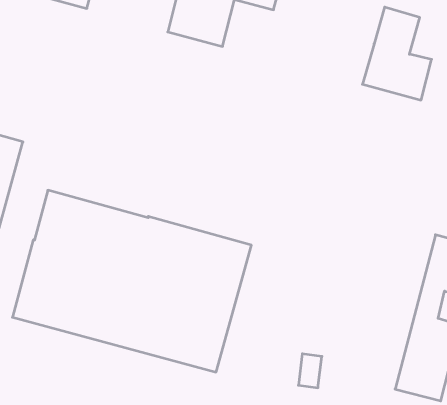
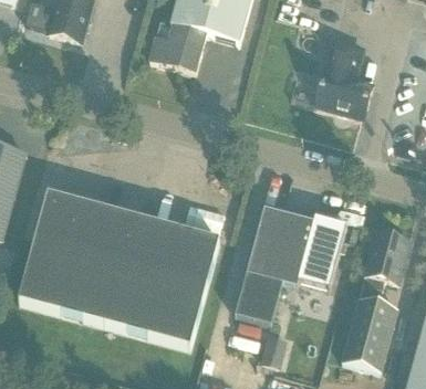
building: none -> [236,206,346,323]

